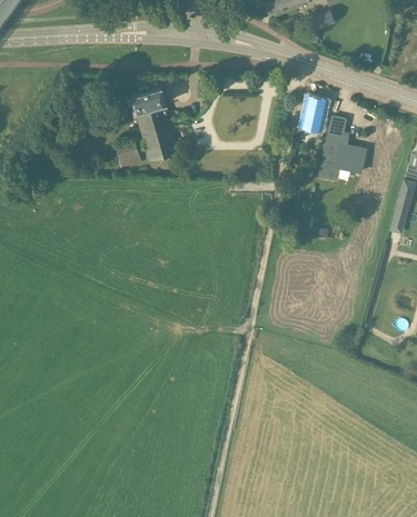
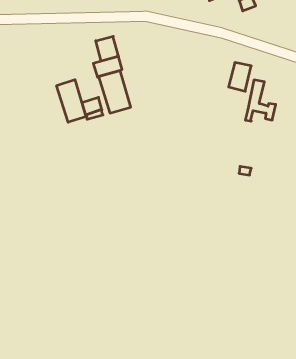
building: none -> [96,36,118,61]
building: none -> [57,80,86,122]

